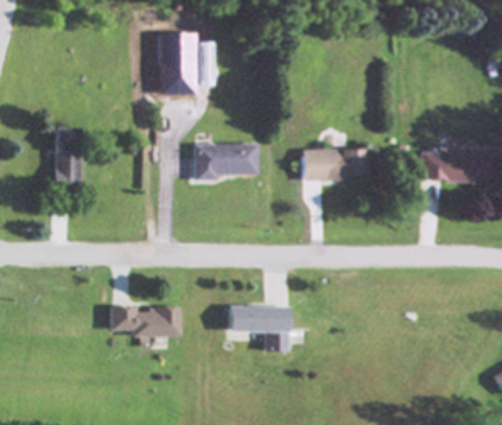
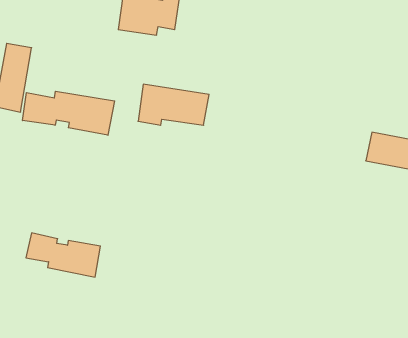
building: [305,147,369,180] -> none
building: none -> [23,91,115,135]
building: [230,305,290,351] -> none

